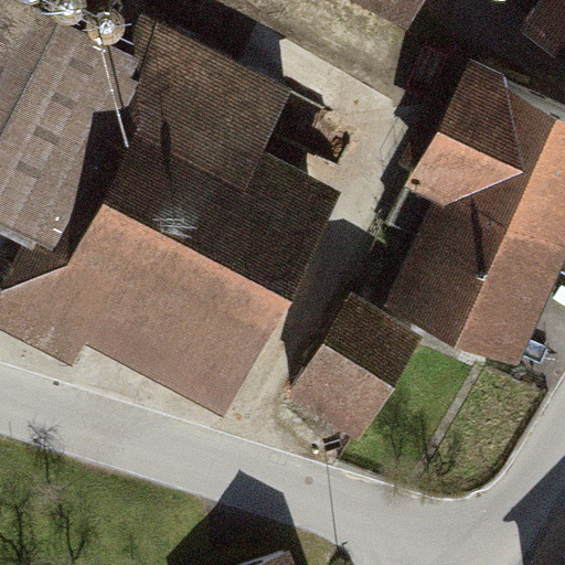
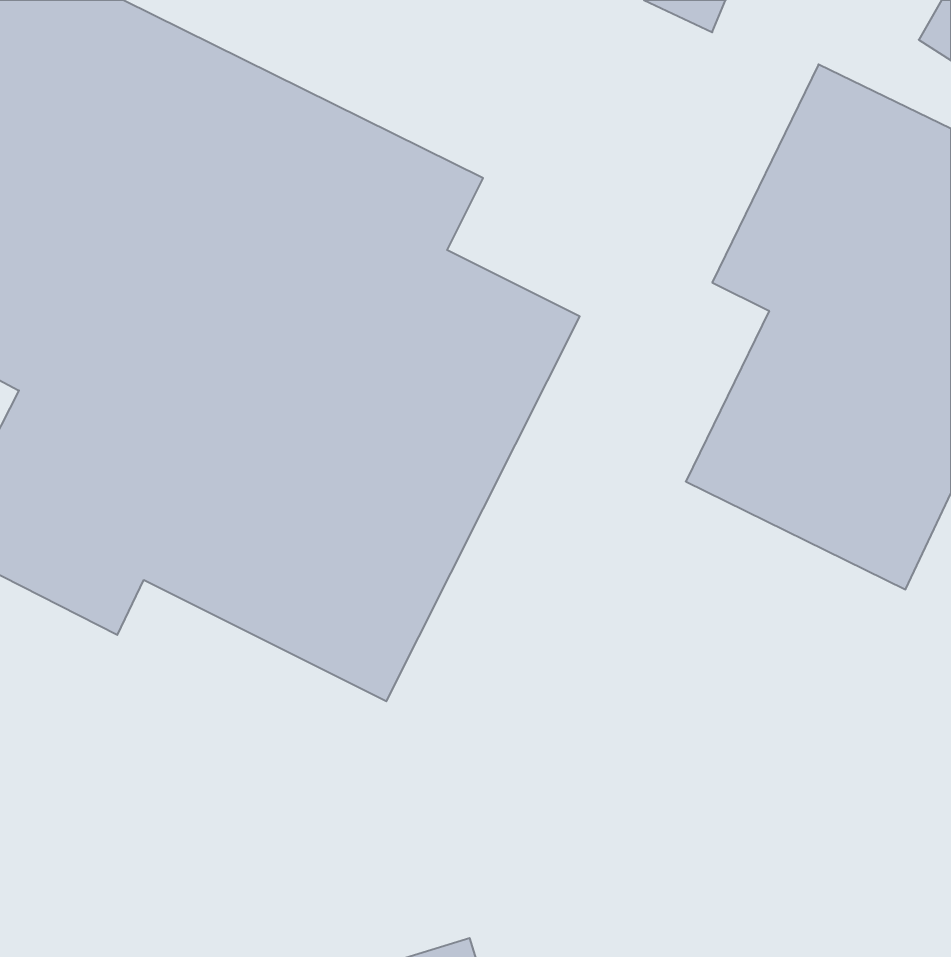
building: [292,286,426,437] -> none

